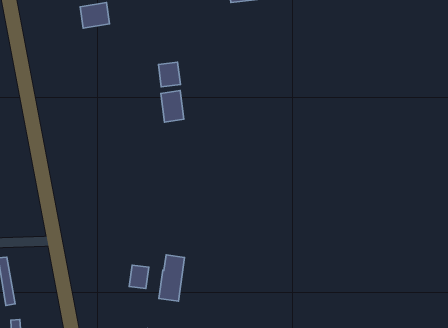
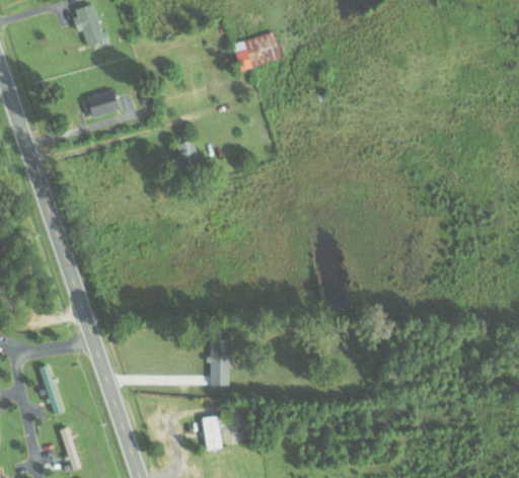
building: [161,90,184,122] -> none
building: [129,265,149,288] -> none

